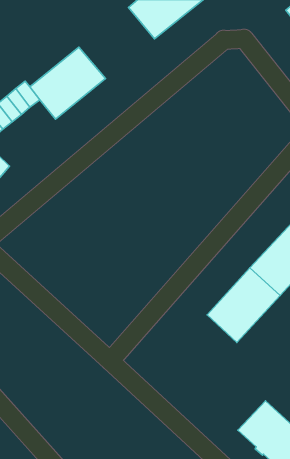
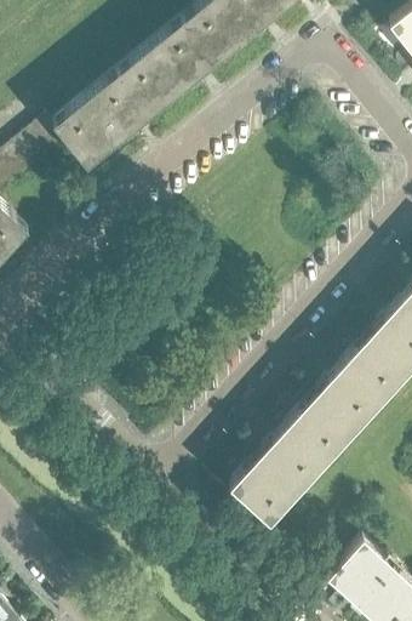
building: none -> [116,21,216,114]
building: none -> [228,425,324,523]

